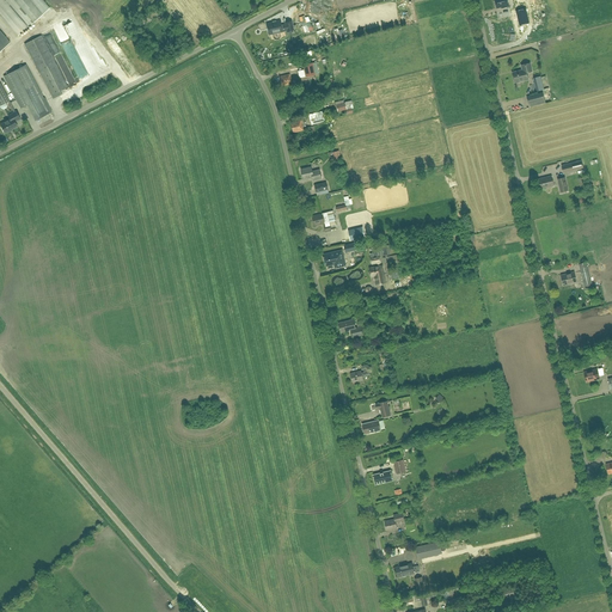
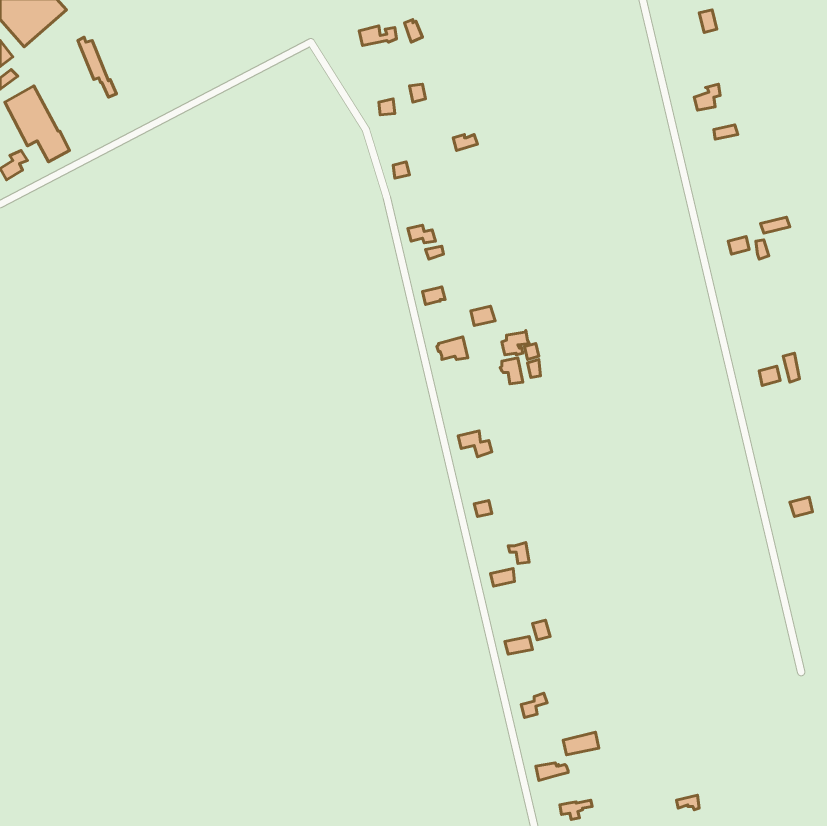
building: [24,35,67,98] -> none

